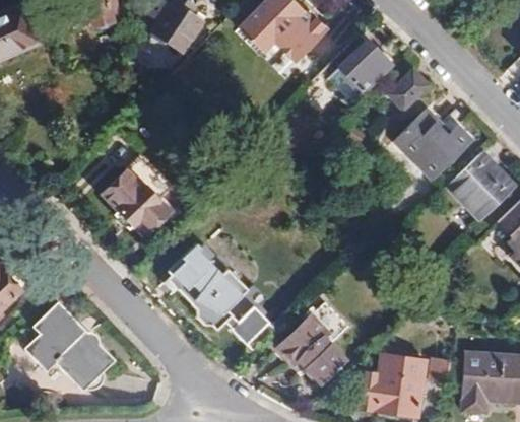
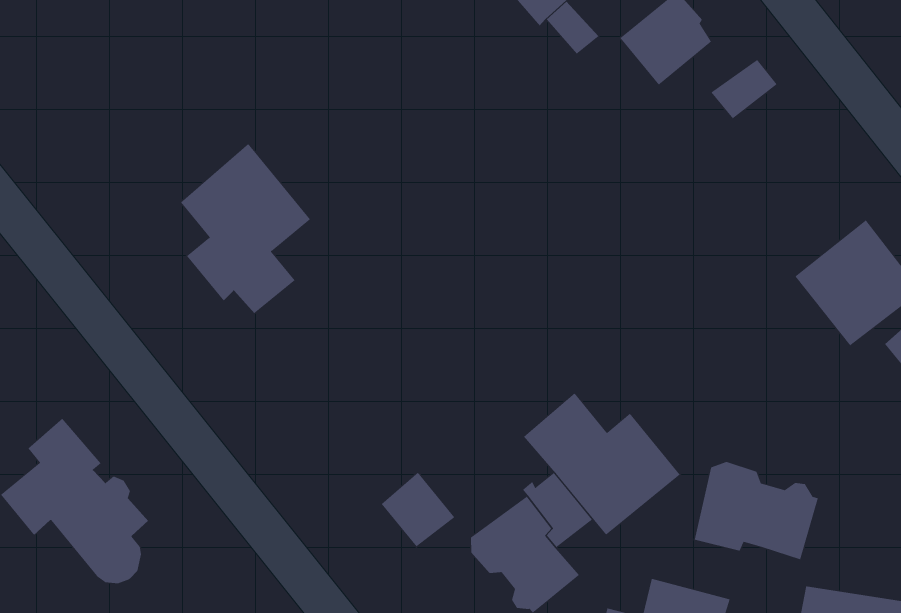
building: [398,102,475,173] -> none
building: [167,243,249,331] -> none
building: none -> [523,393,681,535]
building: none -> [694,461,819,560]

